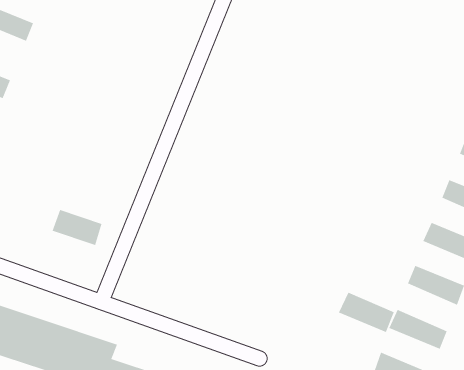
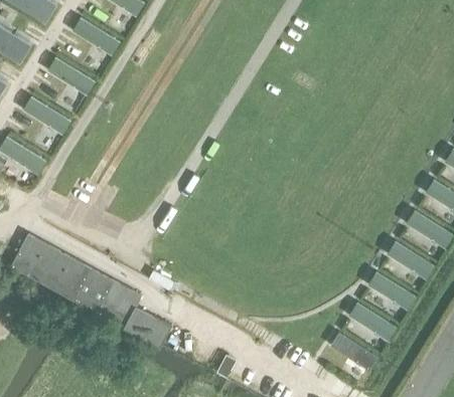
building: [52,209,102,246] -> none
building: [338,292,394,333] -> none

